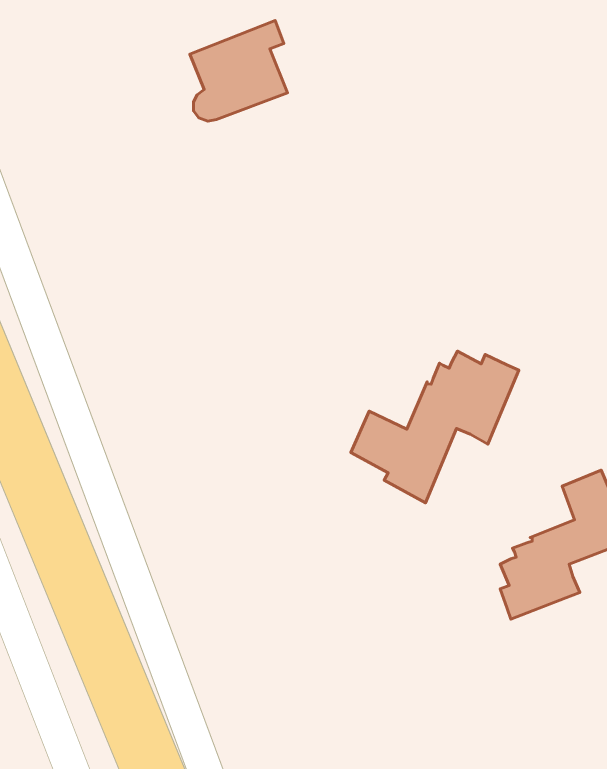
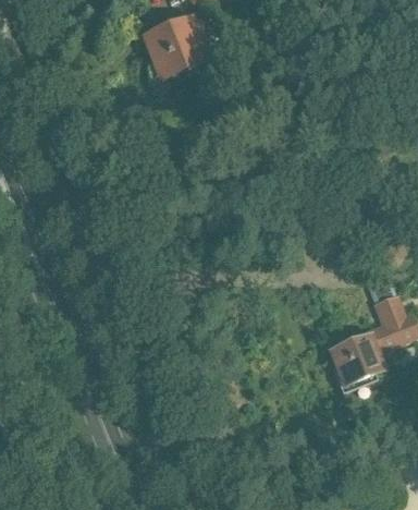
building: [351,351,519,503] -> none

